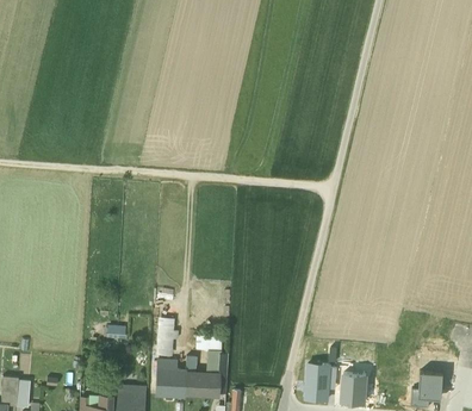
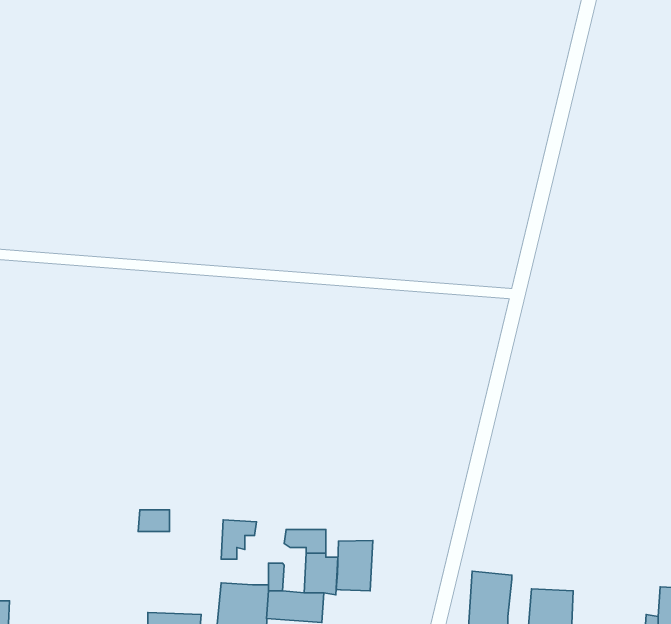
building: none -> [336,541,373,591]

